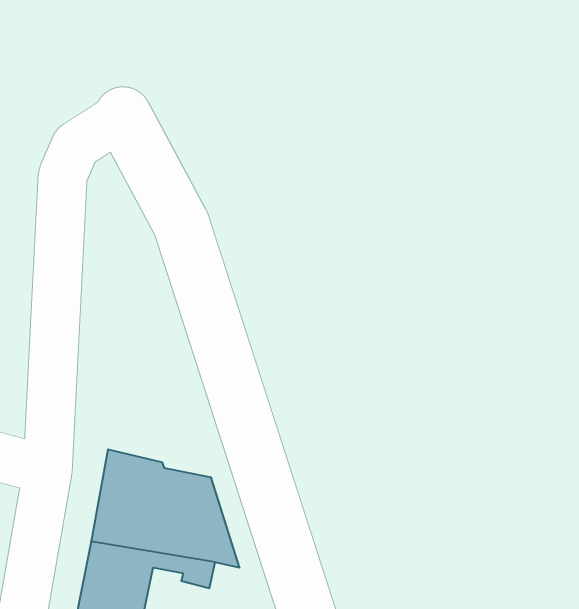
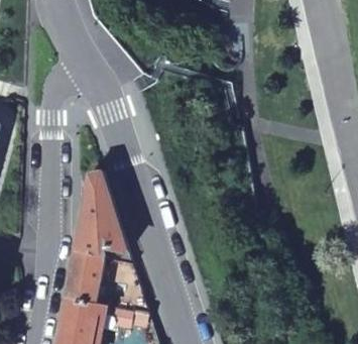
building: none -> [74,171,129,261]

